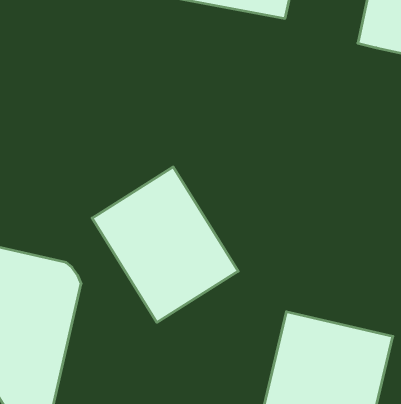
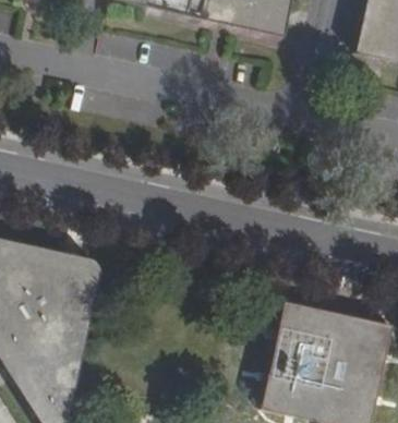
building: [92,167,238,322] -> none

